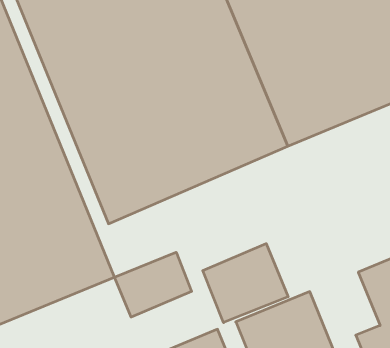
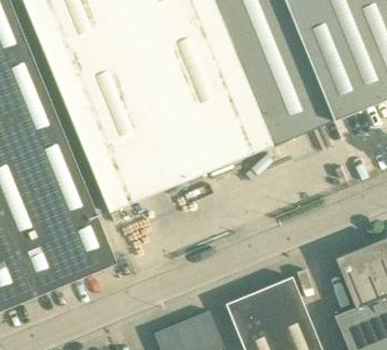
building: [203,244,288,323] -> none
building: [115,252,192,317] -> none

